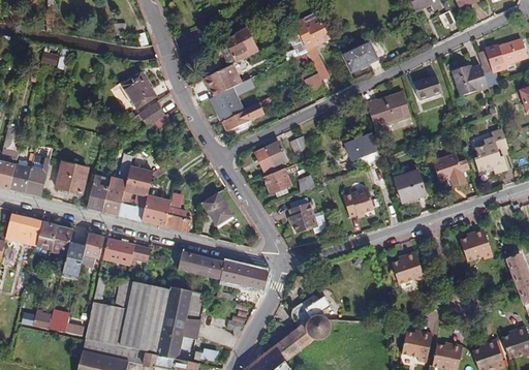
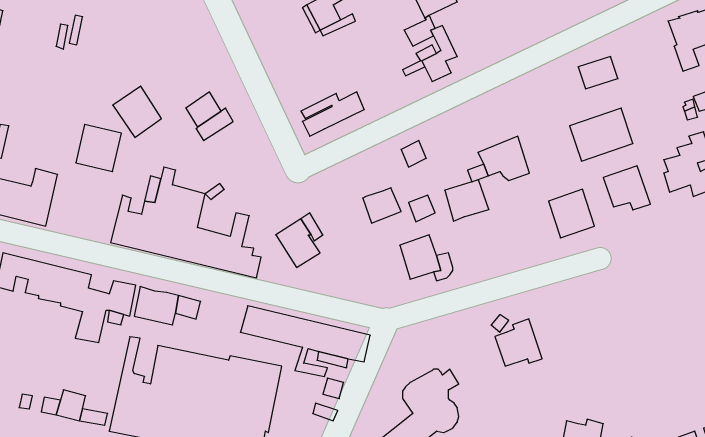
building: [342,41,376,71] -> none
building: [203,63,253,113] -> none
building: [452,65,487,95] -> none
building: [121,72,155,109] -> [113,86,161,138]
building: [366,91,410,128] -> [570,108,633,161]
building: [253,141,287,175] -> none
building: [56,161,88,194] -> [76,124,121,172]
building: [342,188,373,217] -> [445,180,489,221]
building: [459,228,492,261] -> none
building: [391,251,424,284] -> [495,319,542,366]

